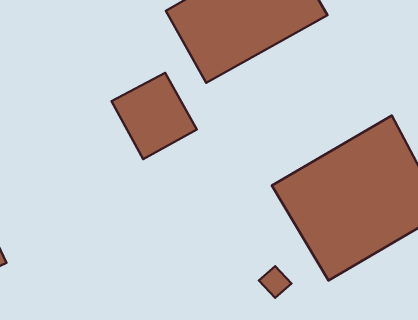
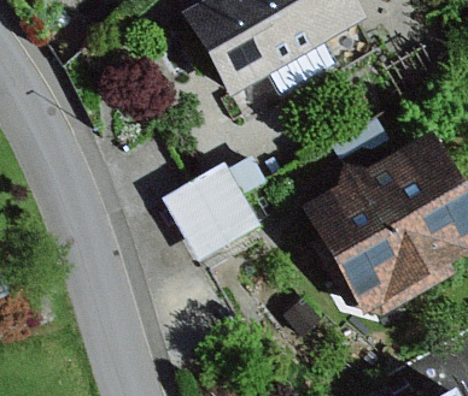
building: [112,73,197,159] -> [165,161,259,256]

